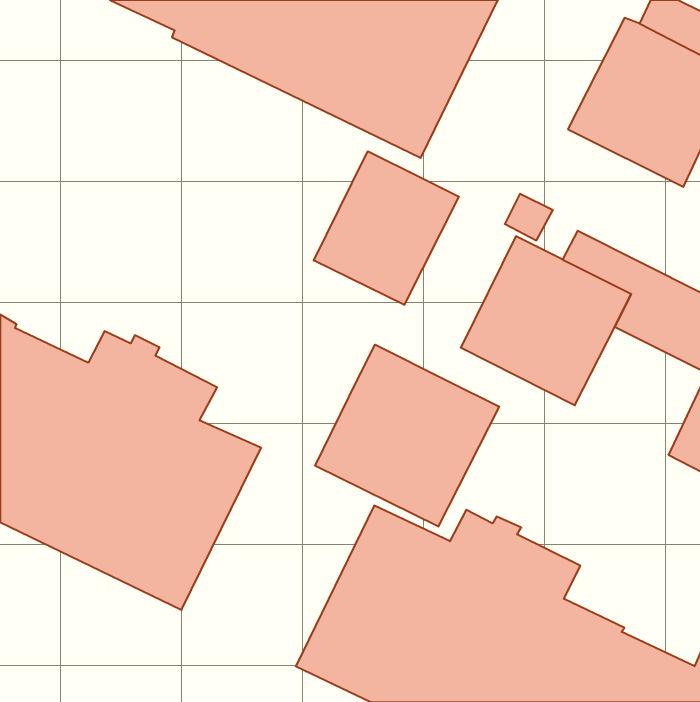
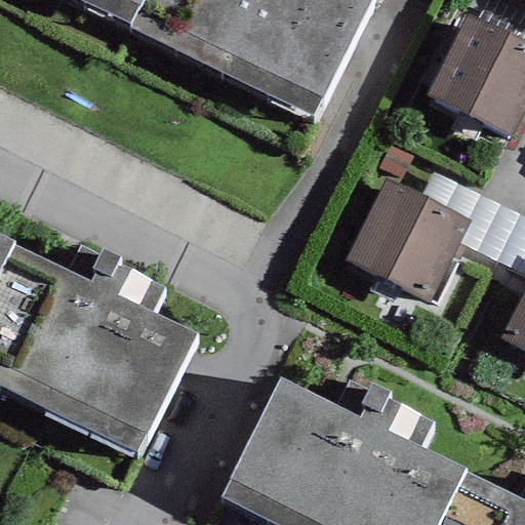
building: [314,151,459,305] -> none
building: [315,345,499,527] -> none

